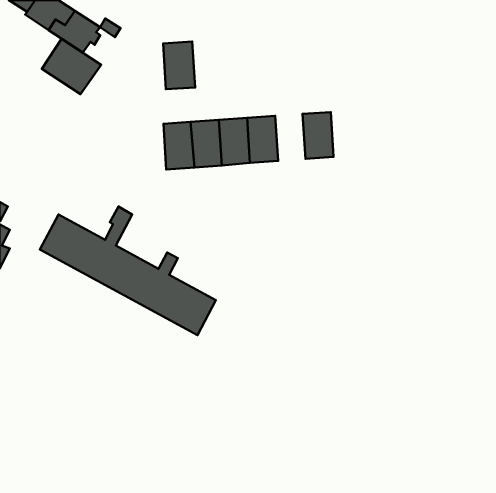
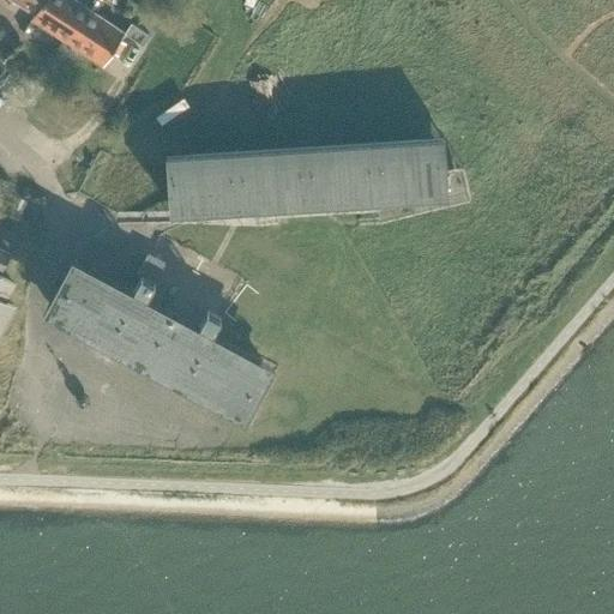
building: [42,39,101,94] -> none
building: [163,42,195,89] -> [165,158,205,217]
building: none -> [408,142,447,199]
building: none -> [339,146,377,204]

